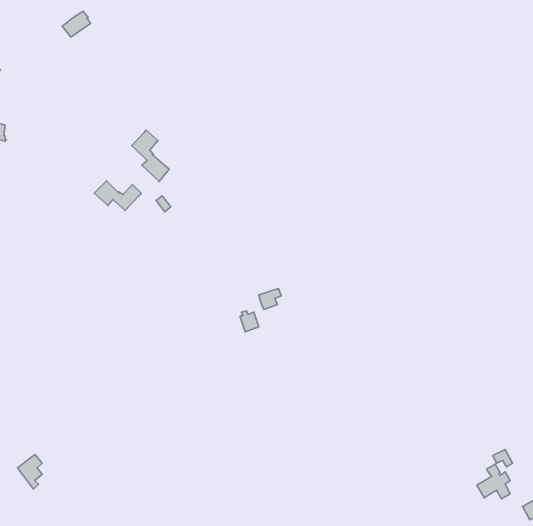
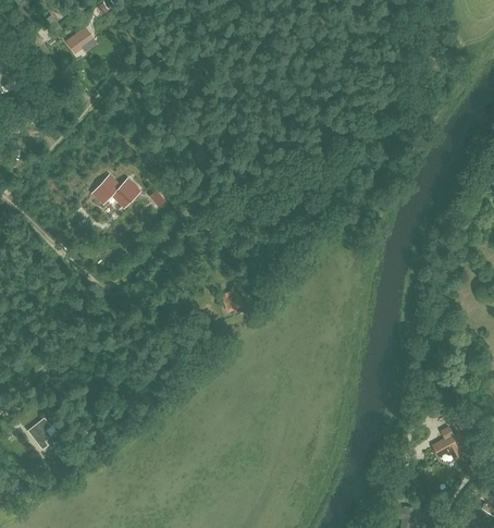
building: [132,130,169,181] -> none

